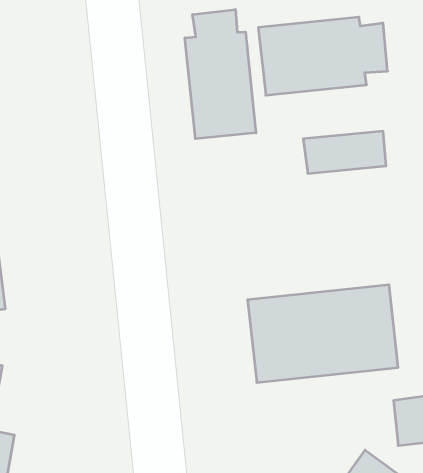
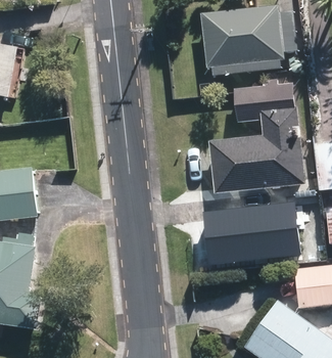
building: [185,9,256,139] -> none
building: none -> [209,117,299,190]

